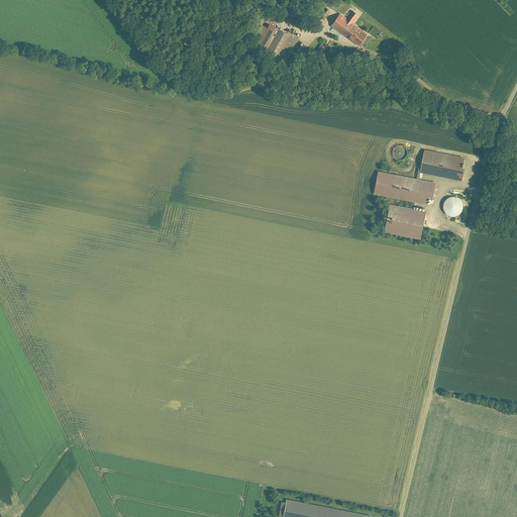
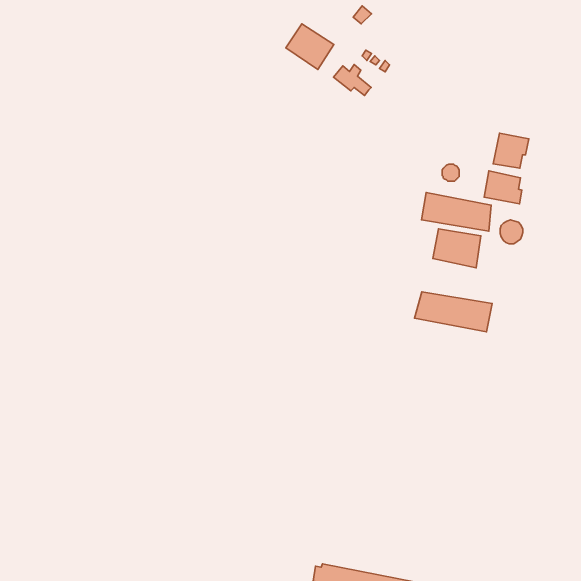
building: [329,13,363,40] -> [334,65,371,95]
building: none -> [493,133,529,168]
building: none -> [414,292,492,332]

